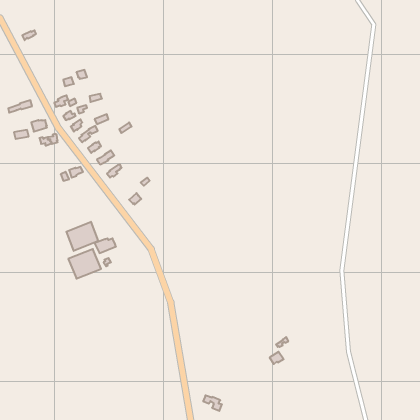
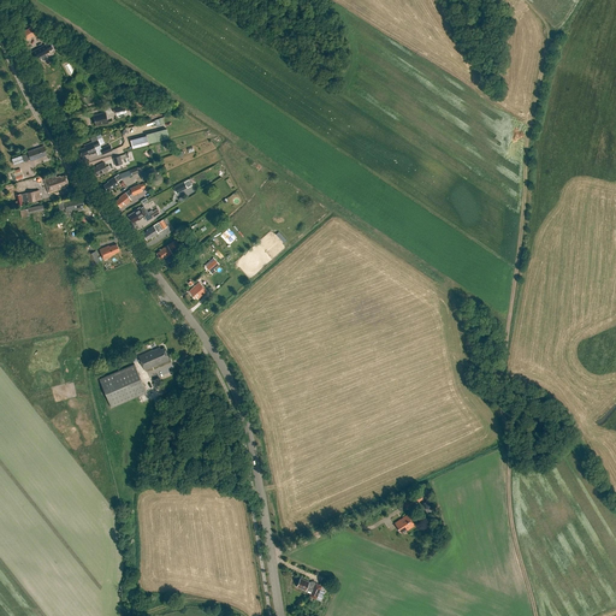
building: [66,222,98,251] -> none

